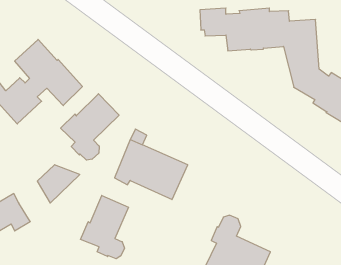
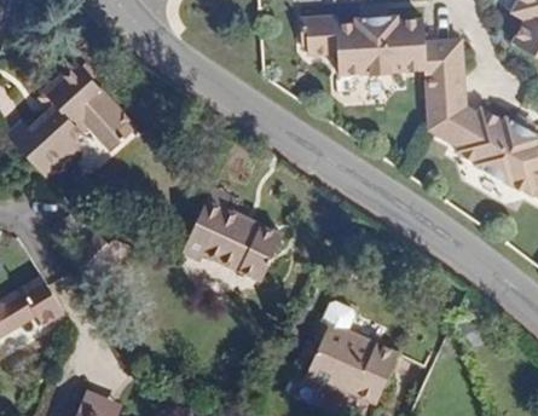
building: [61,94,119,160] -> none
building: [81,195,128,259] -> none

